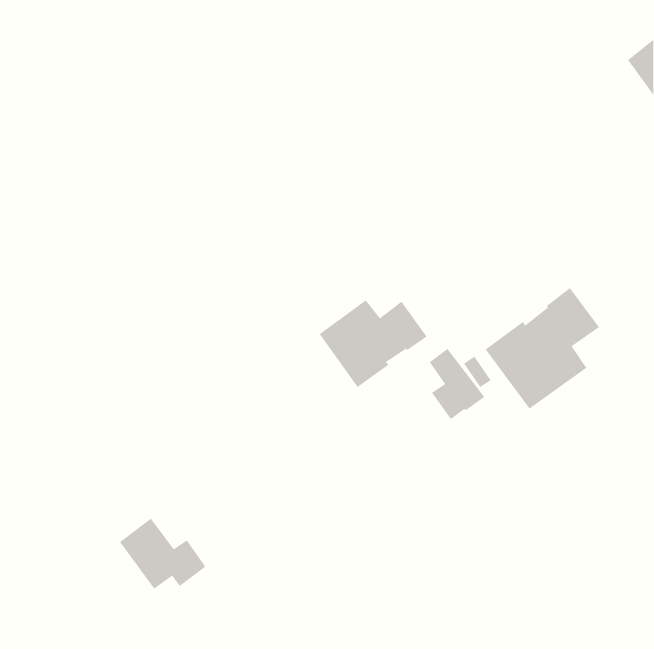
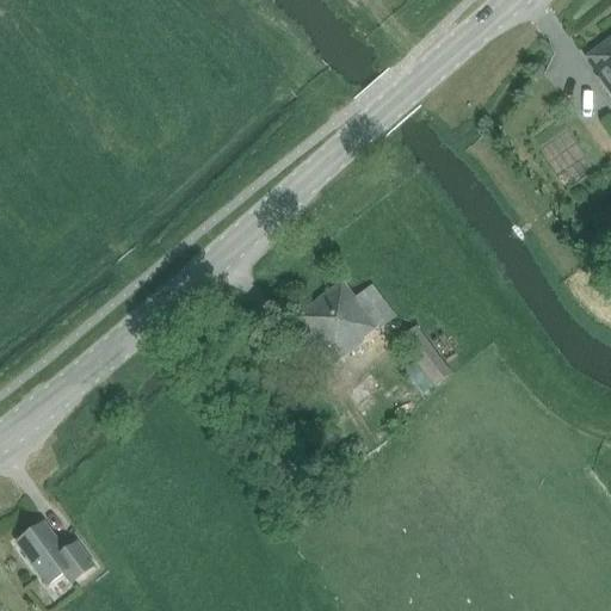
building: [485,287,600,410] -> none
building: [119,518,206,589] -> [14,518,95,585]

